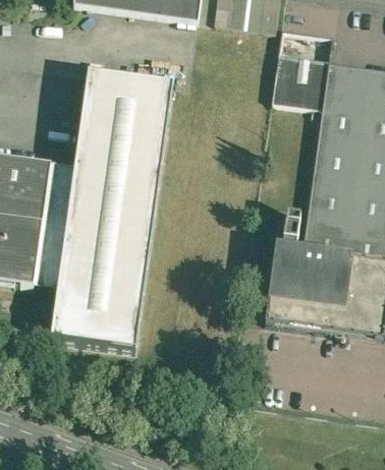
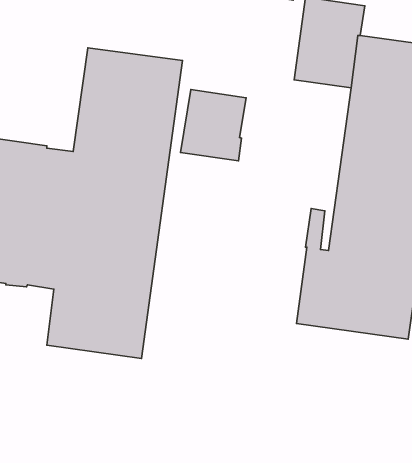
building: none -> [181,89,246,161]

